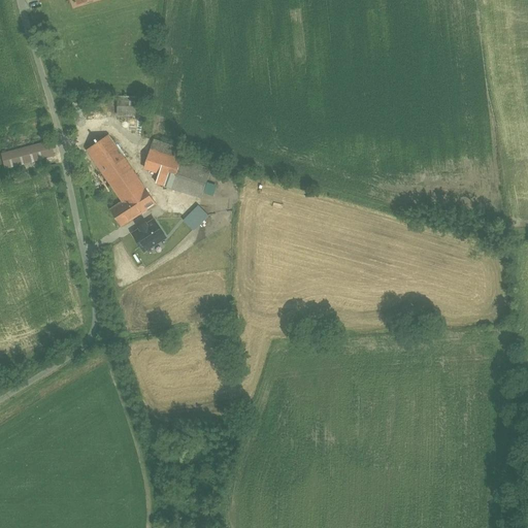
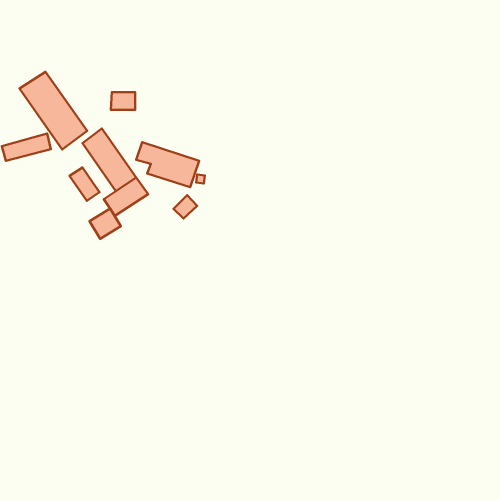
building: none -> [20,72,87,149]
building: none -> [69,167,99,201]
building: [132,220,165,252] -> [89,209,121,239]

